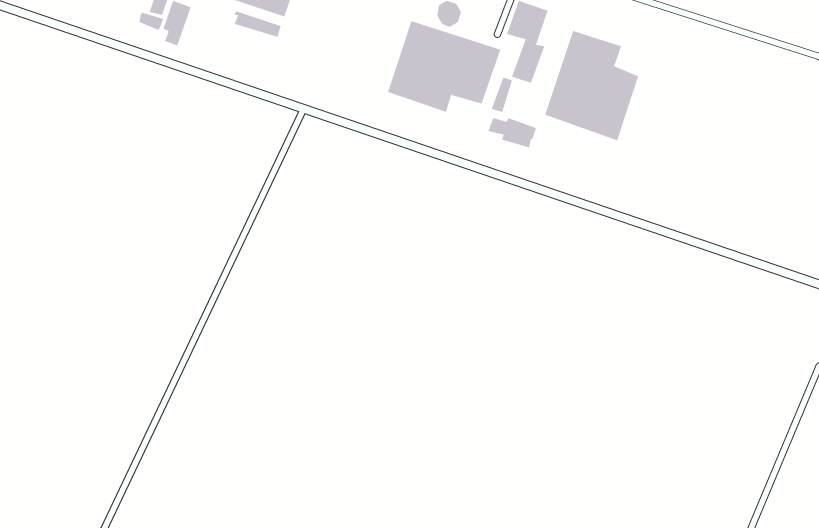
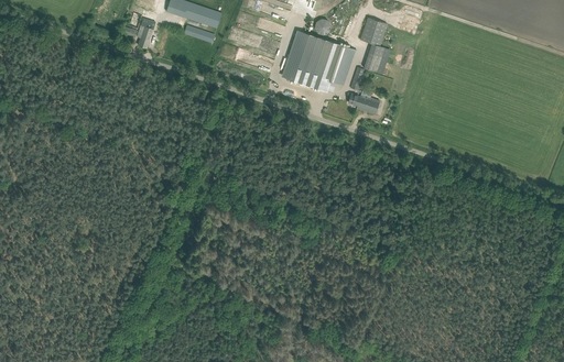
building: [544,30,639,141] -> none

